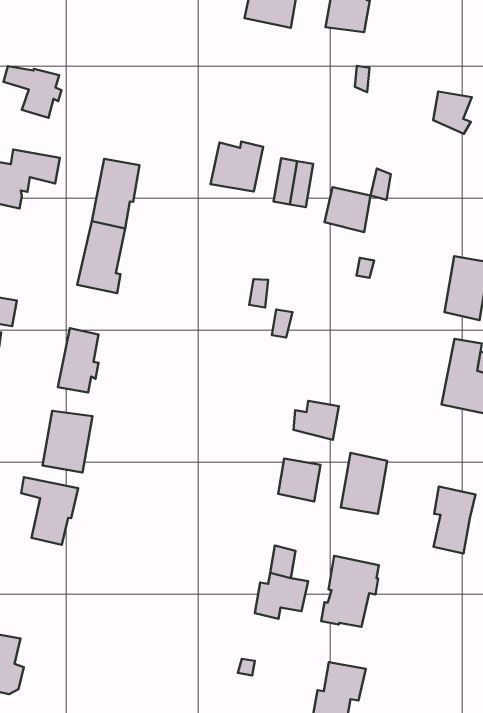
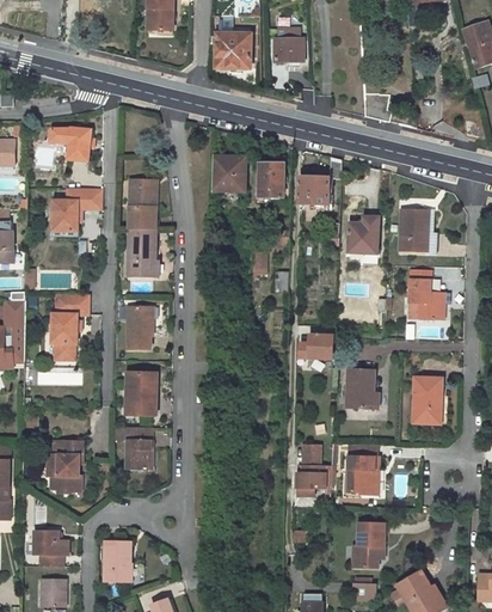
building: none -> [348,216,379,252]
building: [278,458,321,501] -> none

